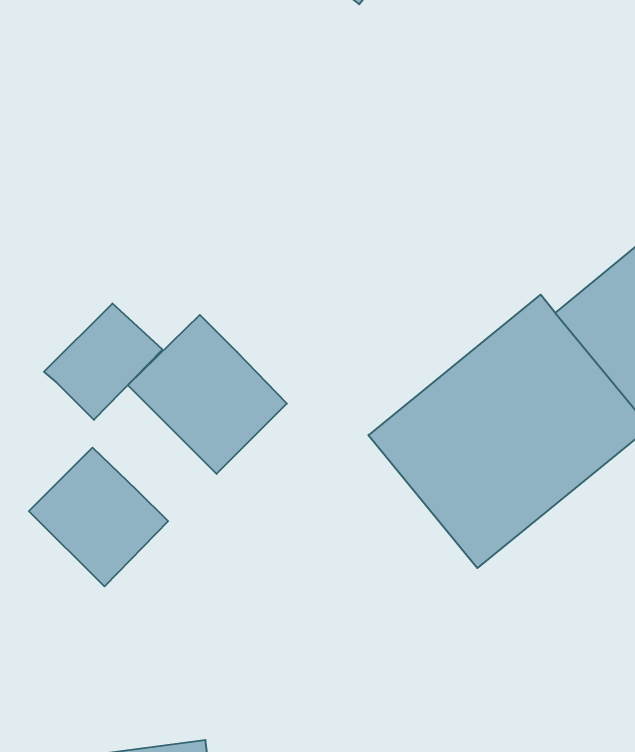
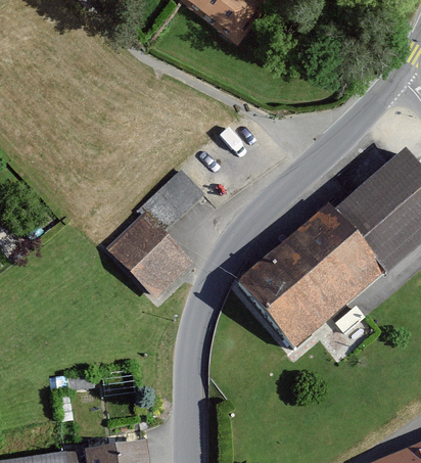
building: [44,303,162,420] -> [137,167,202,231]
building: [29,448,168,586] -> none

